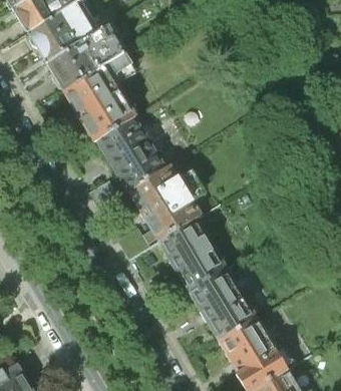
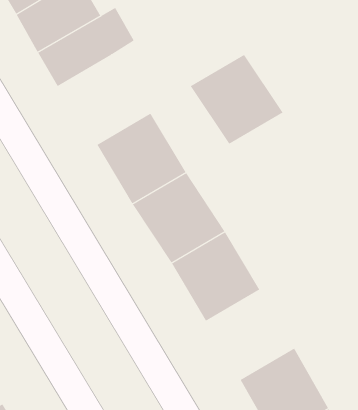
building: [63,68,142,144] -> [190,54,284,144]
building: [189,267,264,343] -> none

